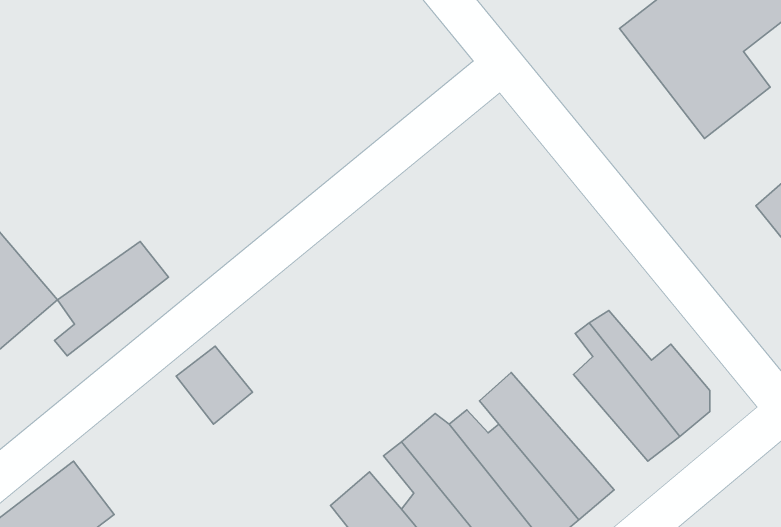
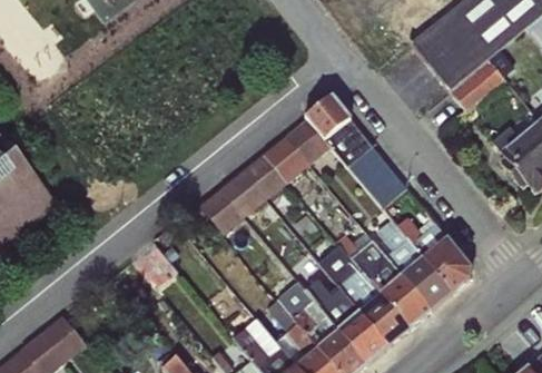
building: none -> [198,96,406,234]
building: [54,241,168,356] -> none
building: none -> [332,234,428,330]

